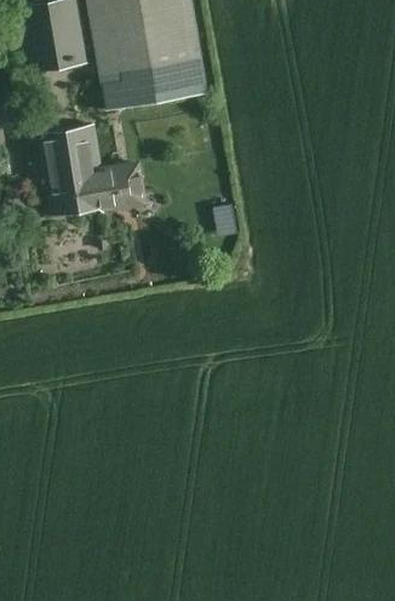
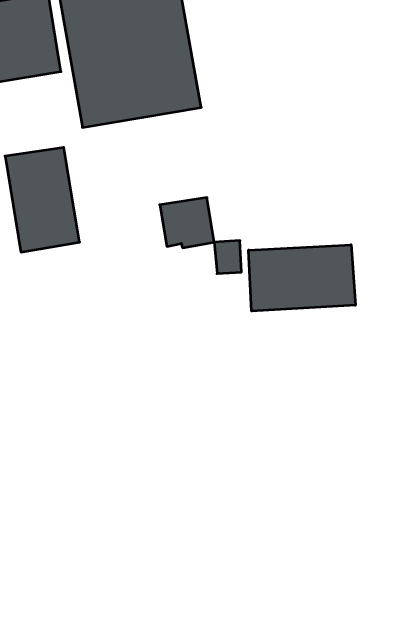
building: [98,165,144,207] -> [160,198,214,248]
building: none -> [249,245,355,311]

